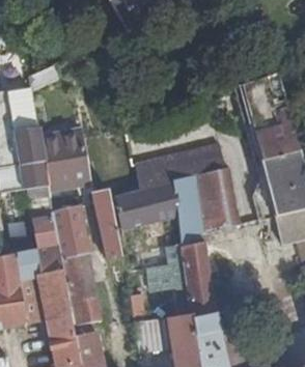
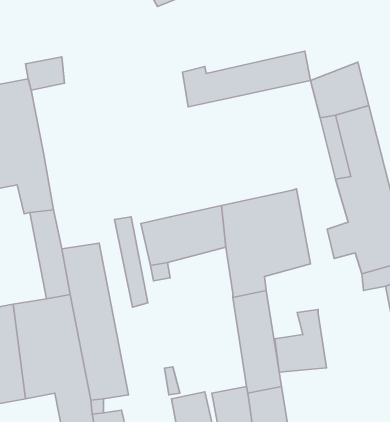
building: [39,132,91,192] -> none
building: [130,146,225,188] -> [183,51,311,107]
building: [148,245,187,291] -> [275,310,326,372]

